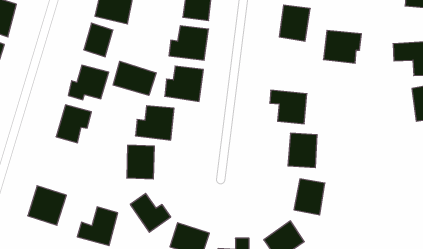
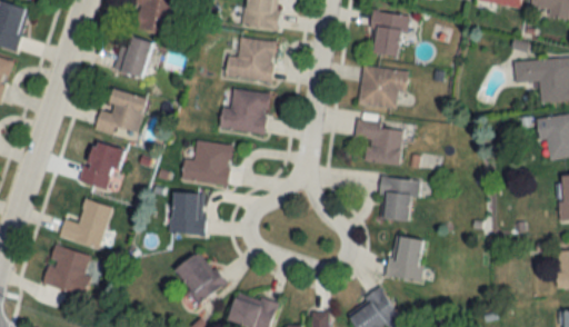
building: [323,30,361,63] -> [358,66,407,108]
building: [113,61,156,95] -> none
building: [77,207,118,246] -> [59,198,111,248]

